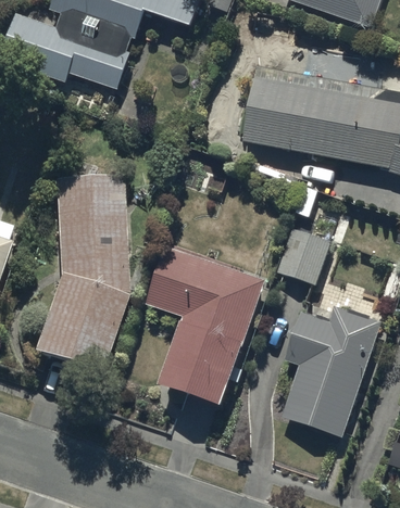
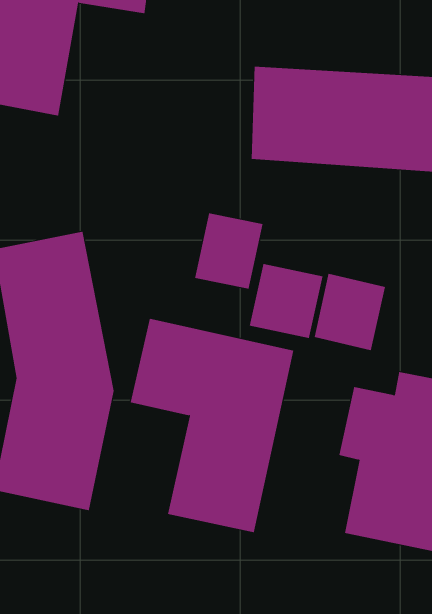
building: none -> [195,212,263,289]
building: none -> [249,263,323,339]

